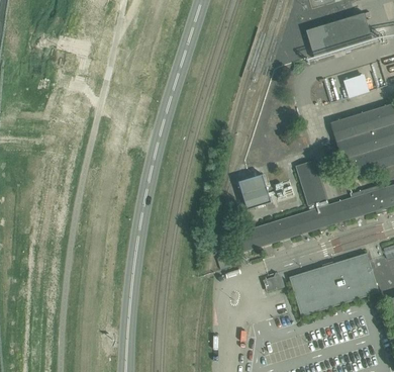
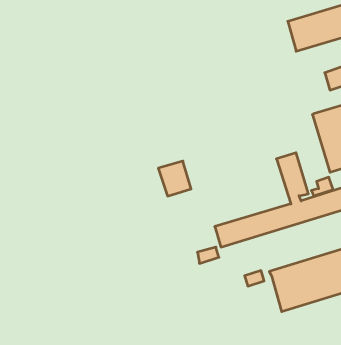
building: [238,174,271,208] -> [158,161,191,196]

